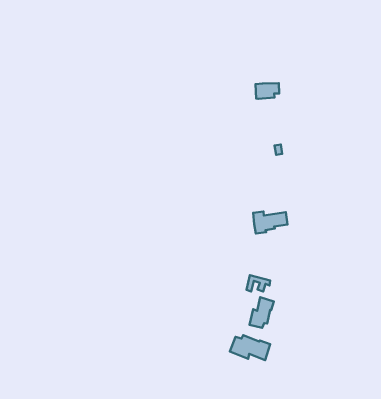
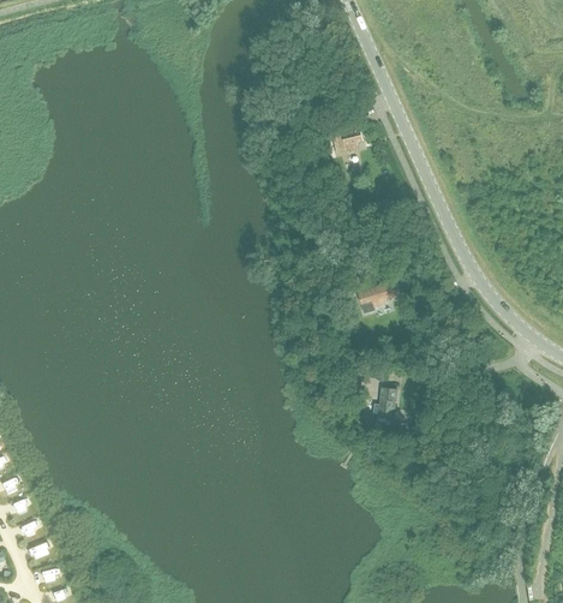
building: [230,335,270,360] -> none

